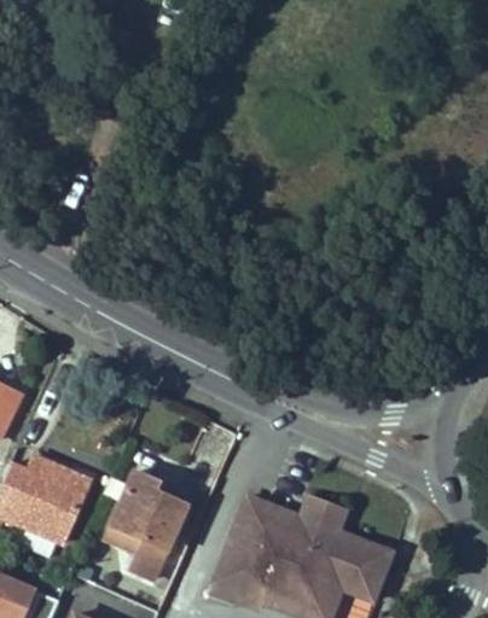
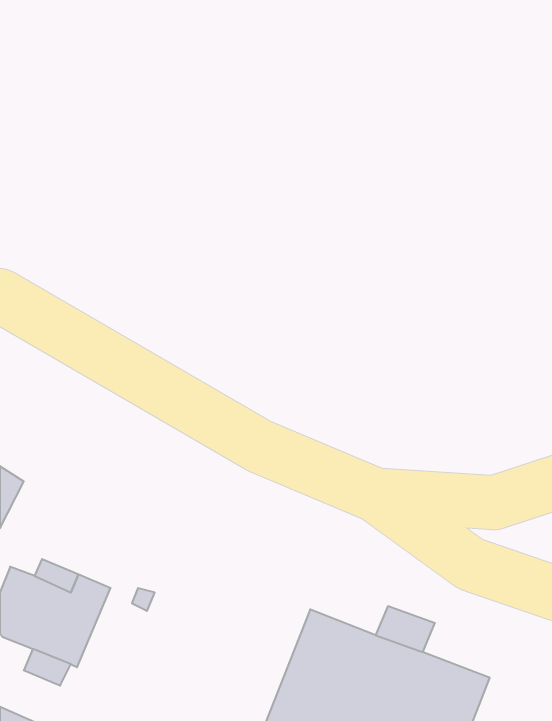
building: [105,473,185,579] -> none

